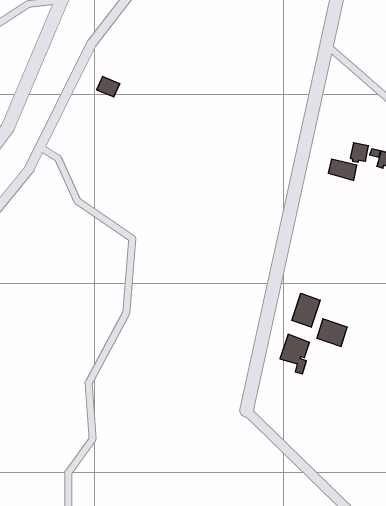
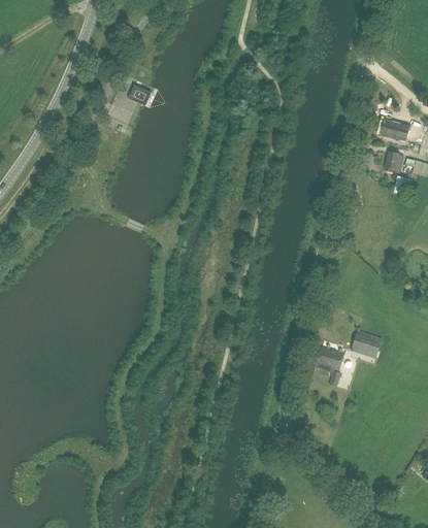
building: [328,159,357,180] -> [381,119,409,140]
building: [292,293,320,327] -> none

